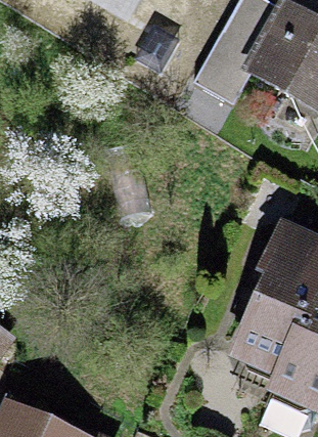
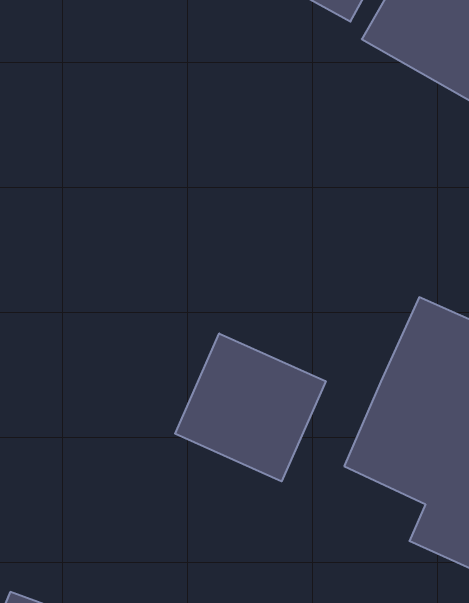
building: none -> [175,333,326,481]

